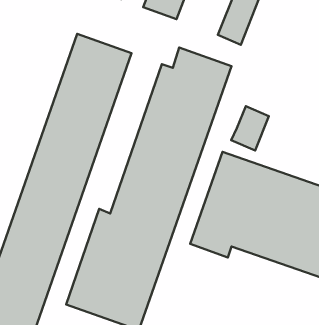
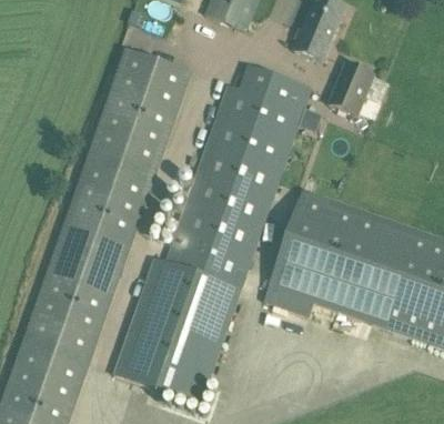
building: [231,106,269,150] -> [329,60,374,113]

